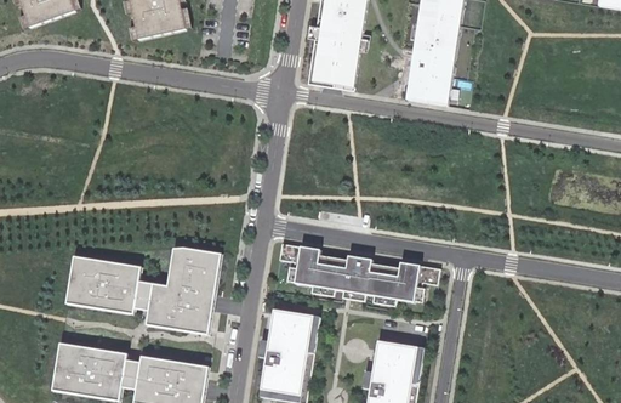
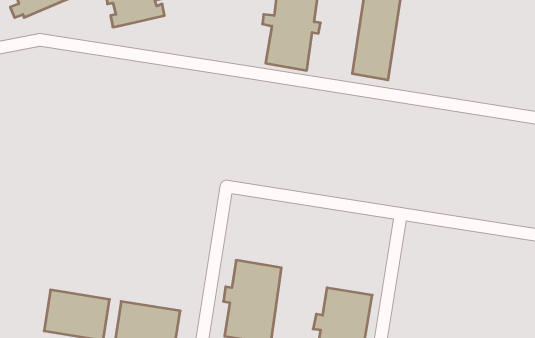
building: [277,243,438,306] -> none
building: [64,248,220,334] -> none

